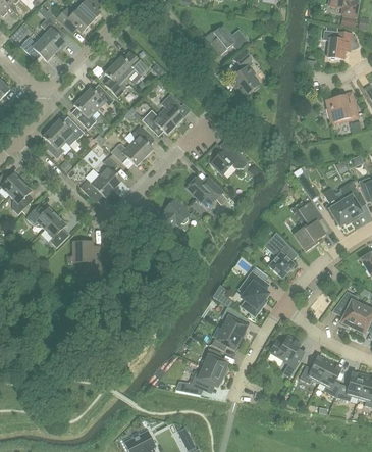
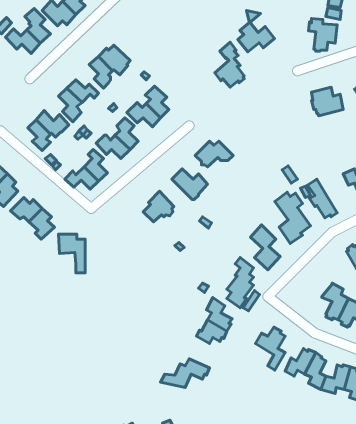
building: [211,23,248,53] -> [238,22,274,52]
building: [340,180,363,219] -> none
building: [204,346,227,374] -> none

